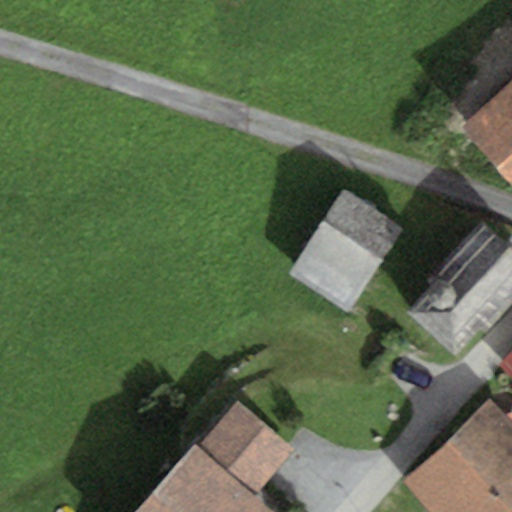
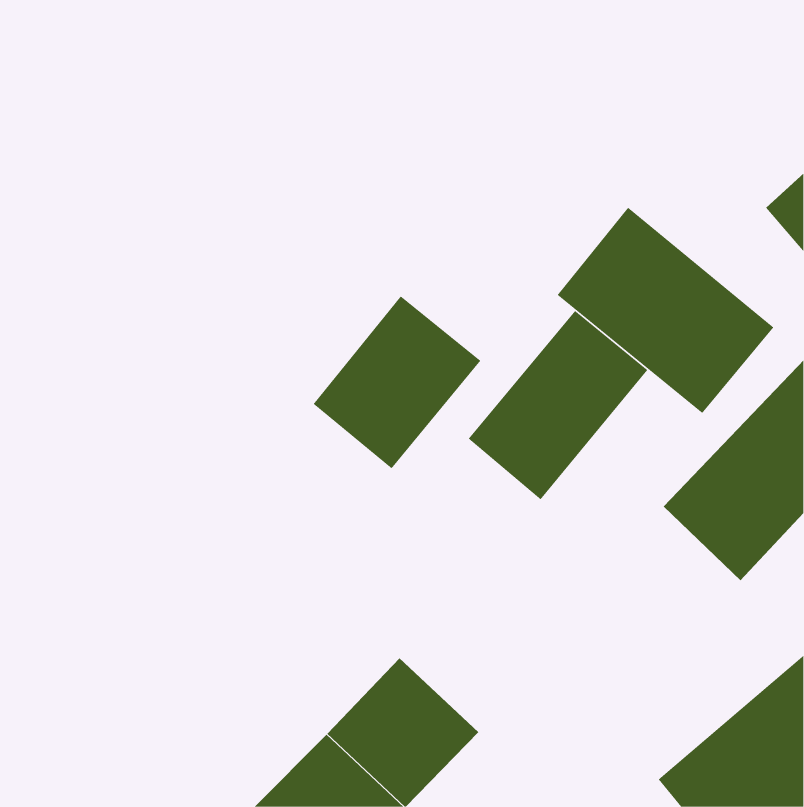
building: none -> [557,207,774,414]
building: none -> [313,296,481,469]

